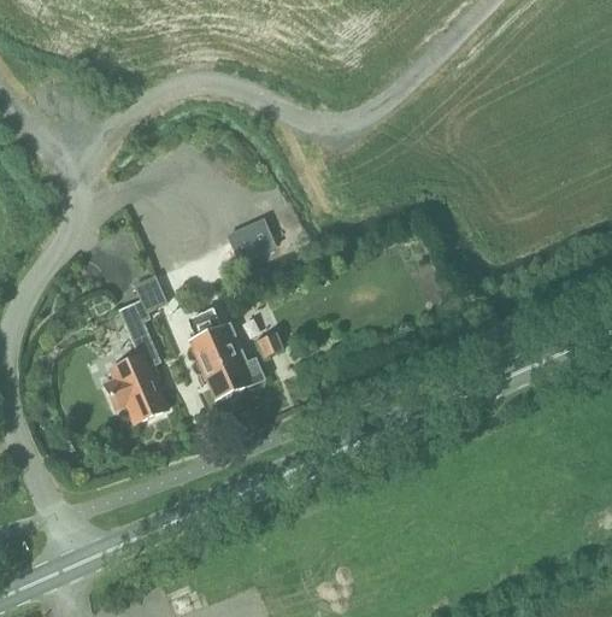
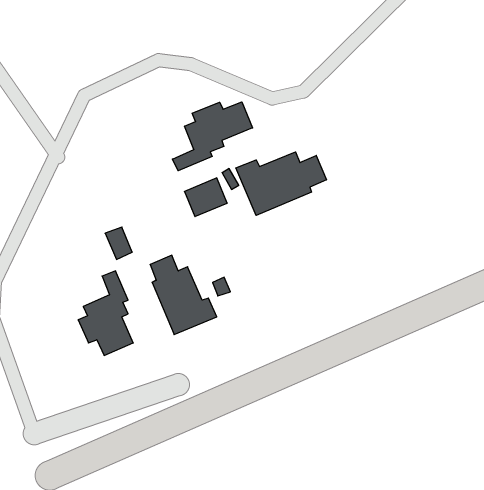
building: none -> [172,102,253,171]
building: none -> [236,152,326,215]

